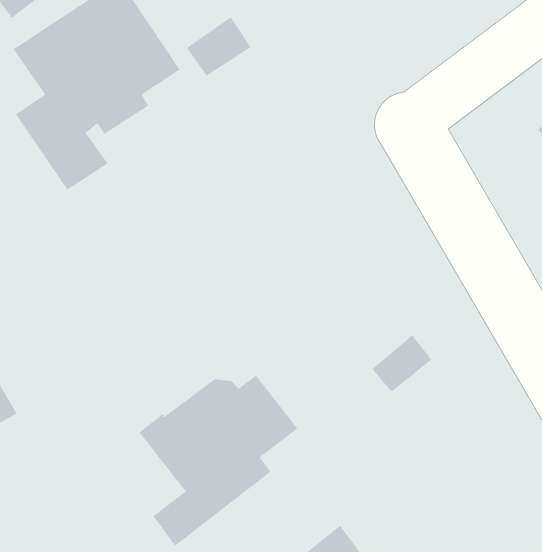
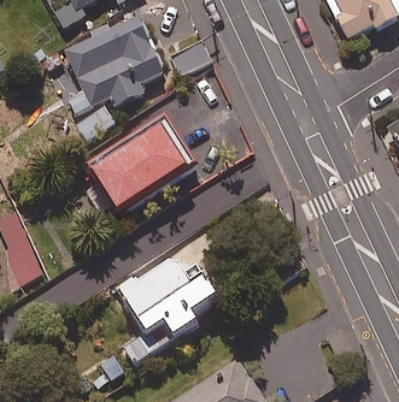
building: none -> [84,112,196,215]

